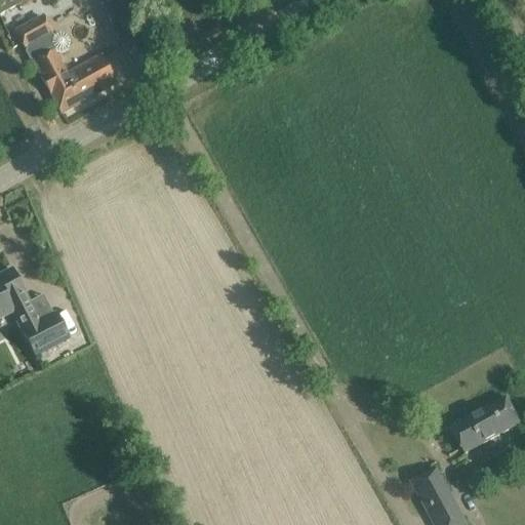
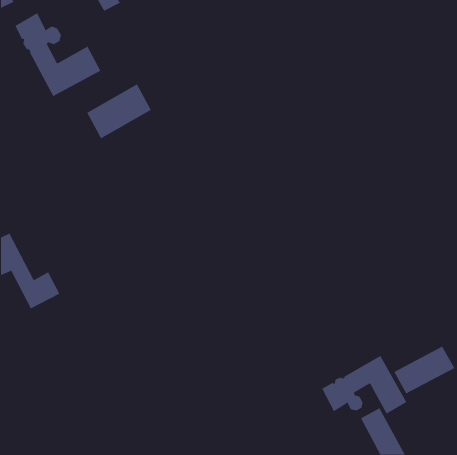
building: none -> [86,83,152,139]
building: none -> [322,355,407,415]

